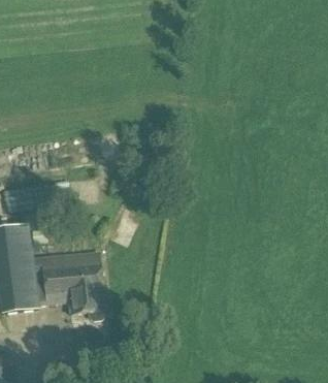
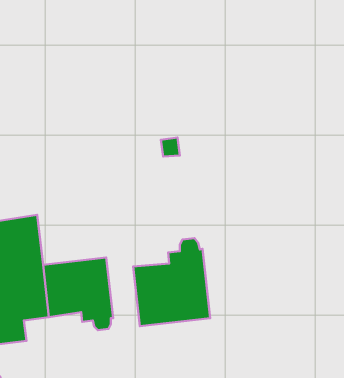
building: none -> [133,238,210,326]

